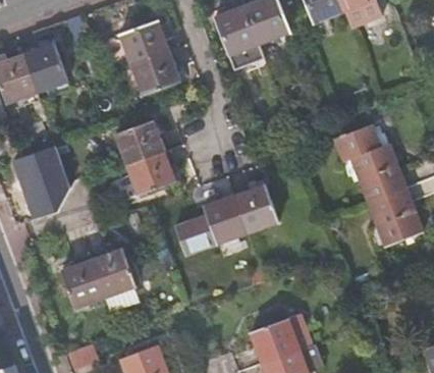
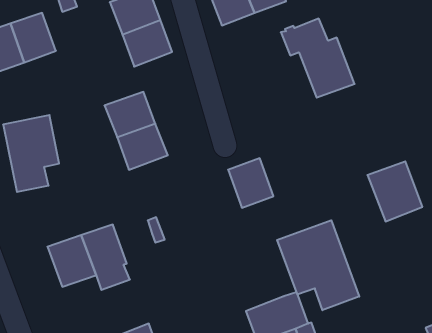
building: [333,124,404,201] -> [281,19,355,98]
building: [174,196,247,255] -> none
building: none -> [277,220,359,310]

